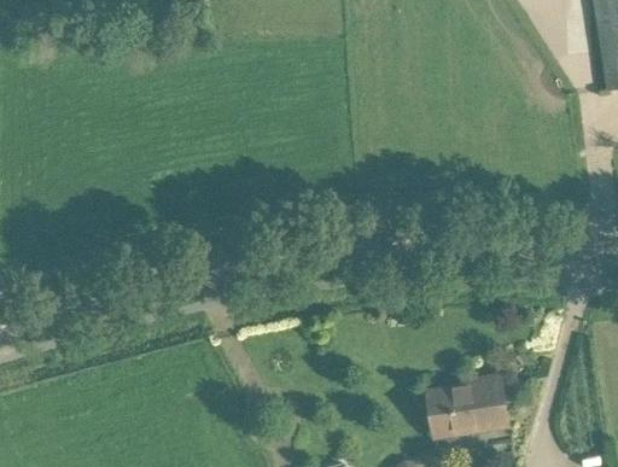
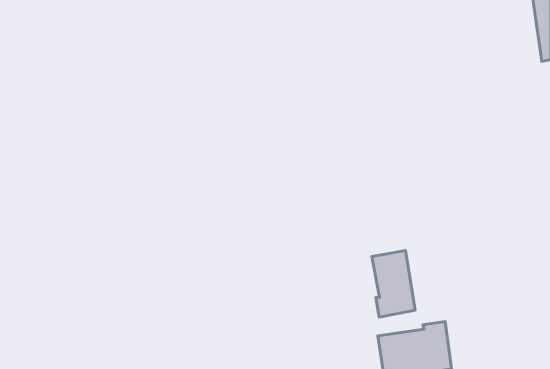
building: none -> [372,251,415,317]

